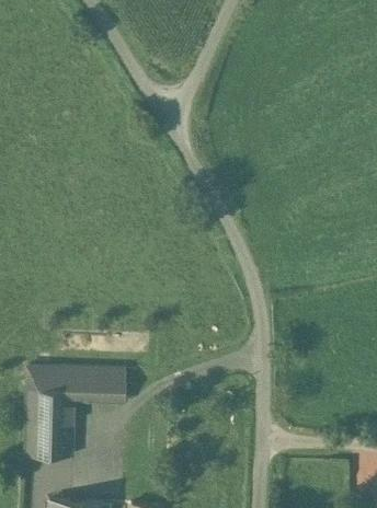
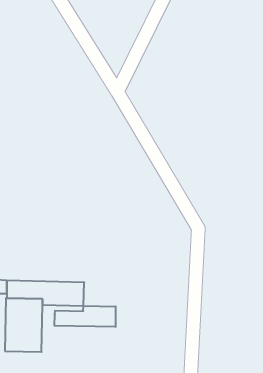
building: none -> [54,306,116,327]

